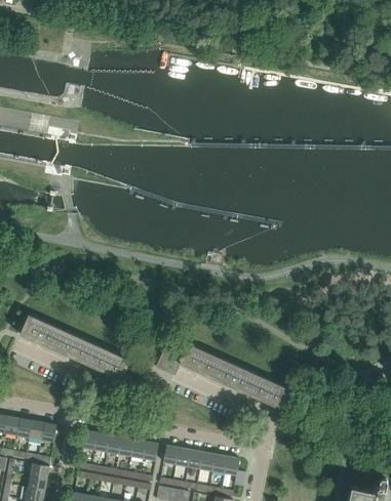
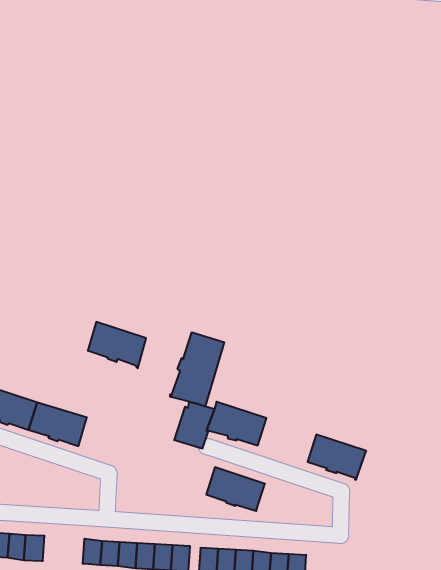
building: none -> [170,332,224,407]
building: [87,344,129,380] -> [88,322,146,368]
building: [213,359,256,392] -> [206,467,265,511]

